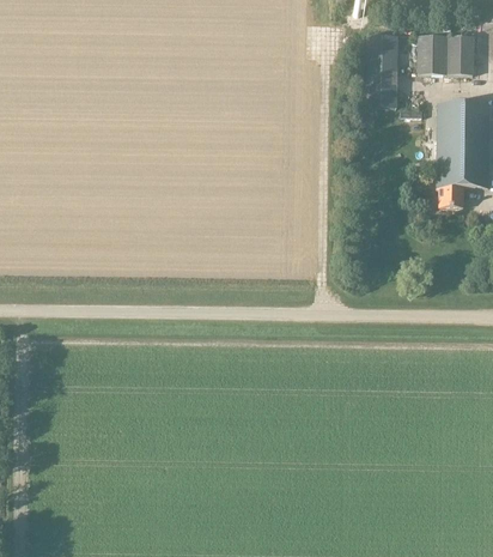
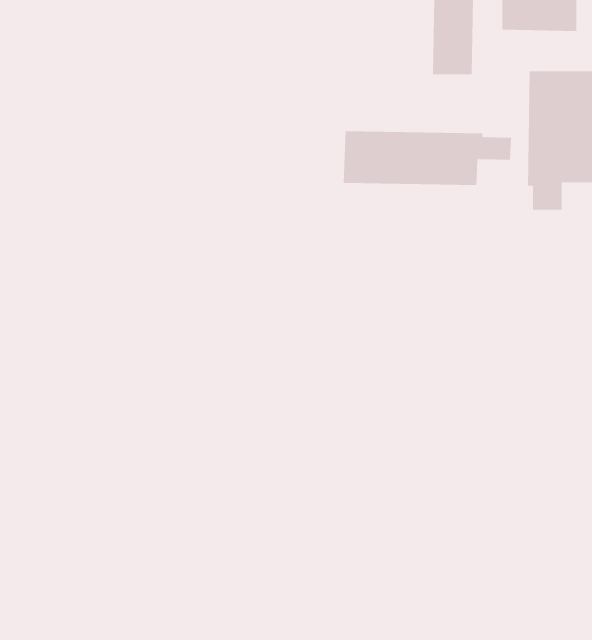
building: none -> [343,130,512,186]

